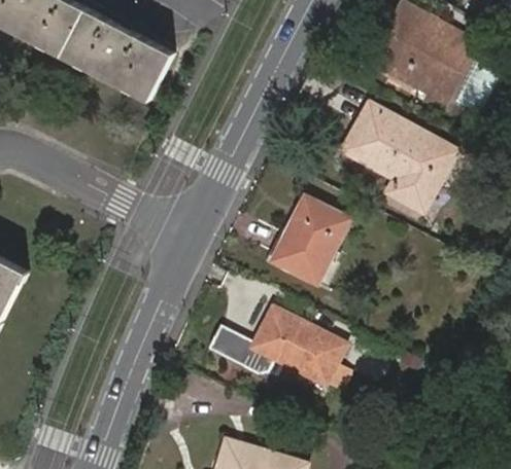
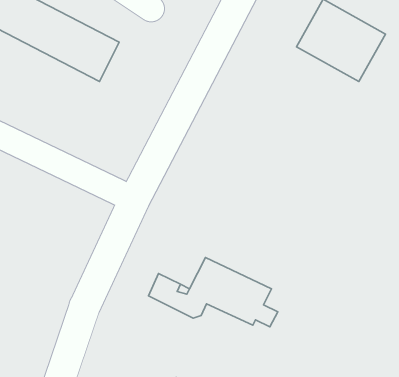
building: [343,104,452,212] -> none
building: [273,196,347,281] -> none

